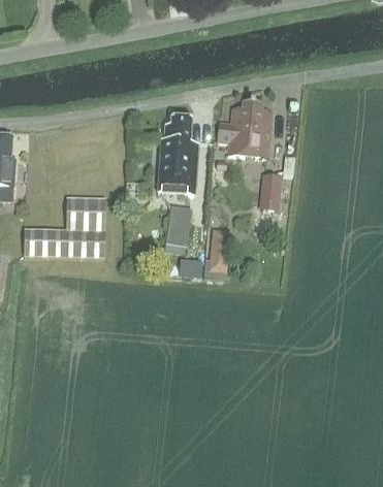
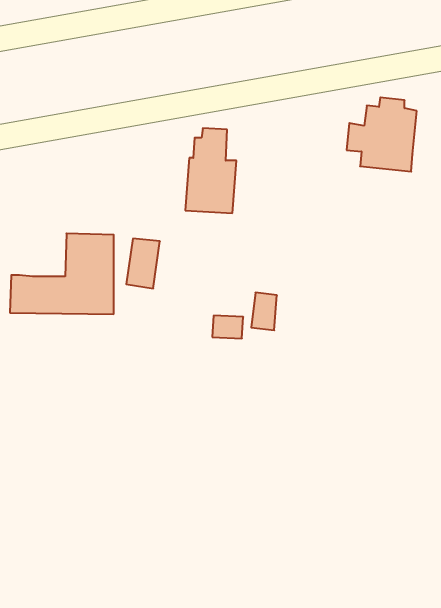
building: [216,101,269,158] -> [347,97,417,172]
building: [260,170,284,207] -> none
building: [164,206,190,245] -> [126,239,160,288]

